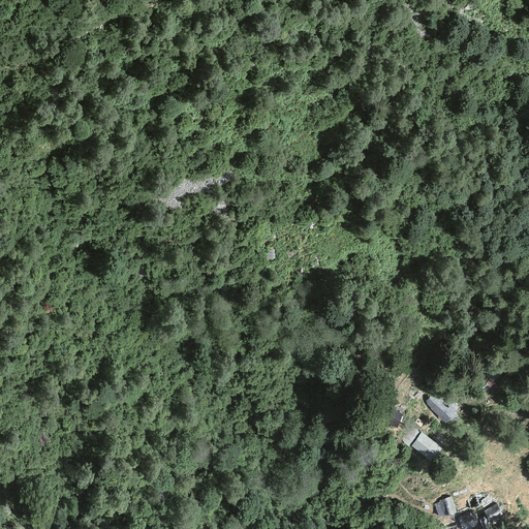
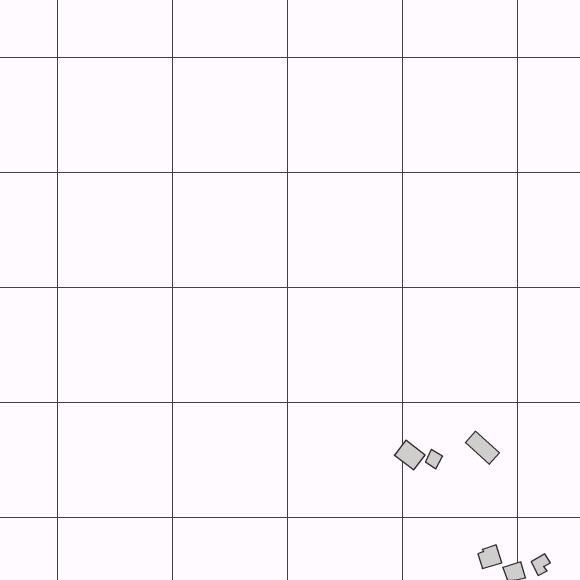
building: [411,433,439,460] -> [394,440,425,470]

